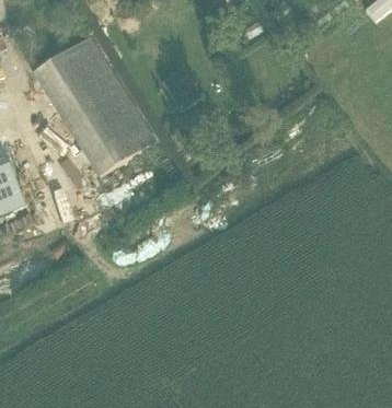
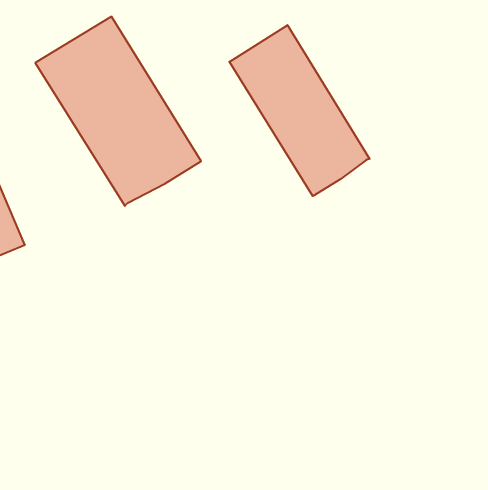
building: none -> [229,25,370,196]

